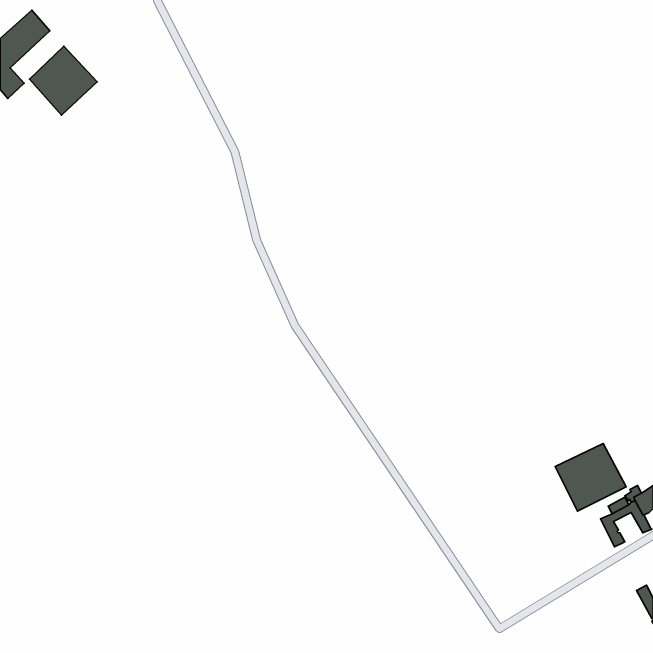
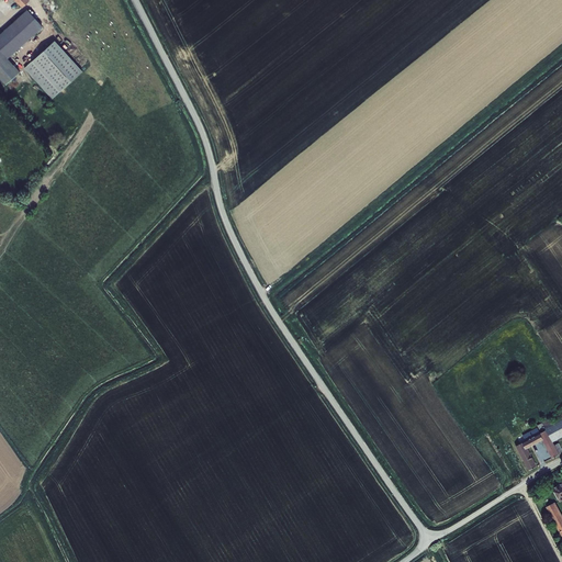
building: [555,444,626,511] -> none

